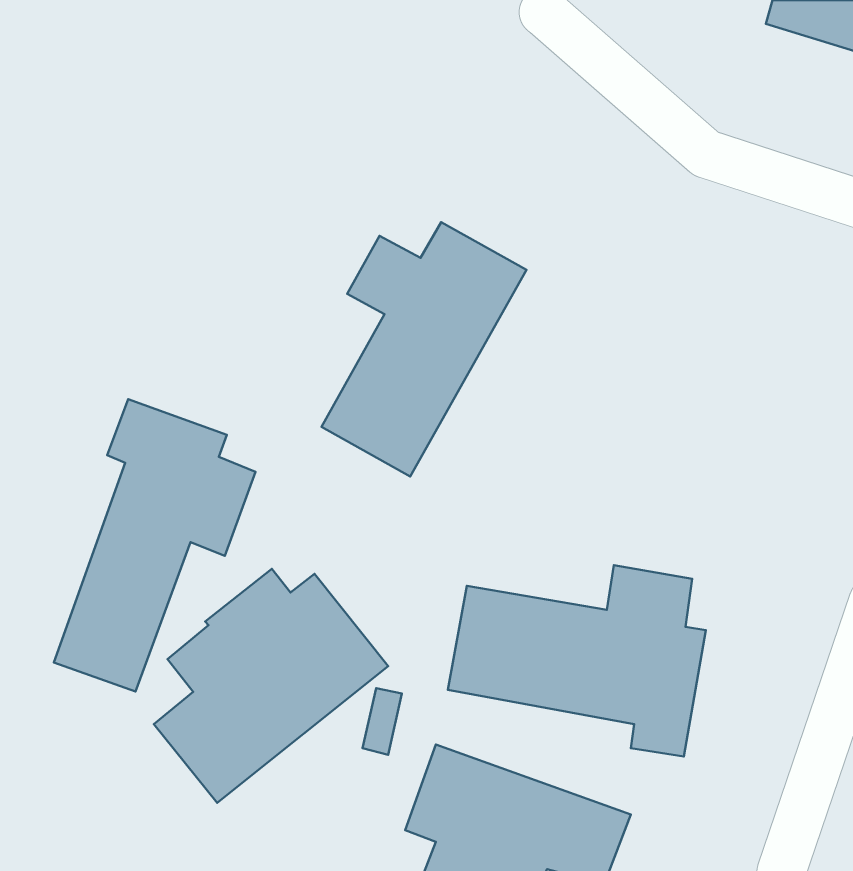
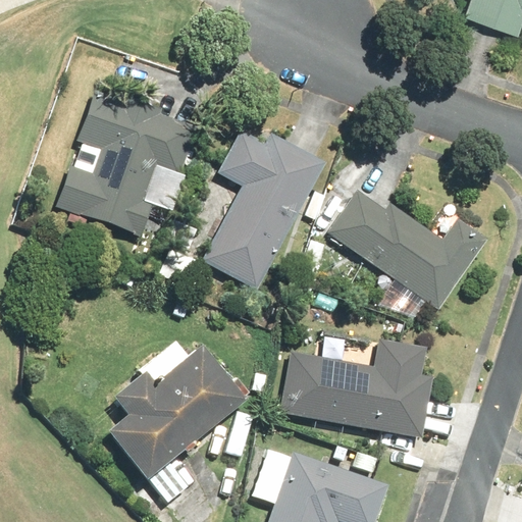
building: none -> [54,92,208,248]
building: none -> [327,190,485,321]
building: [54,399,255,692] -> none

